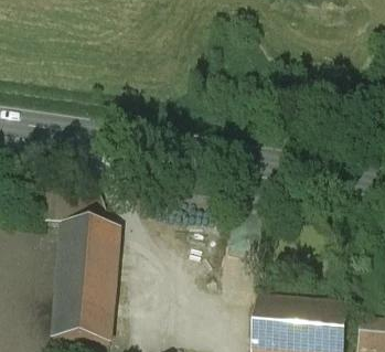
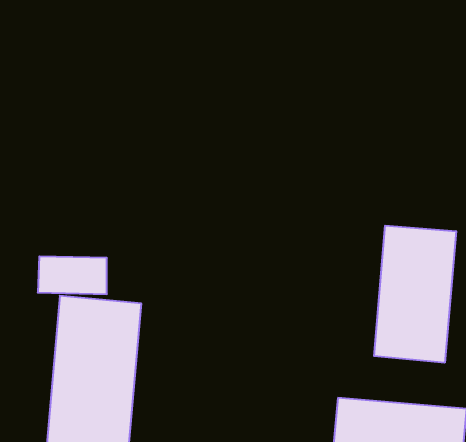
building: none -> [374,226,456,363]

